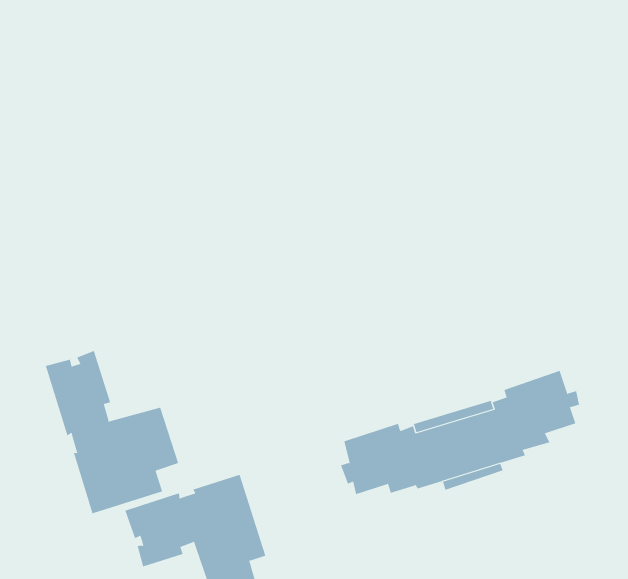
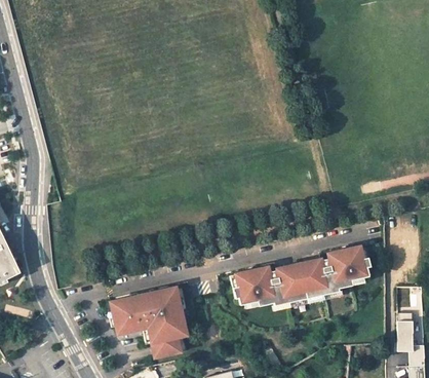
building: [45,350,179,514] -> none

